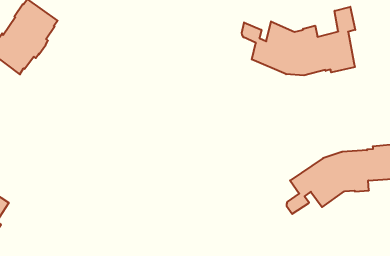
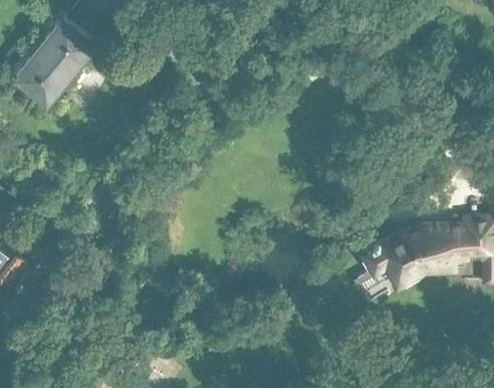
building: [242,7,355,75] -> none

